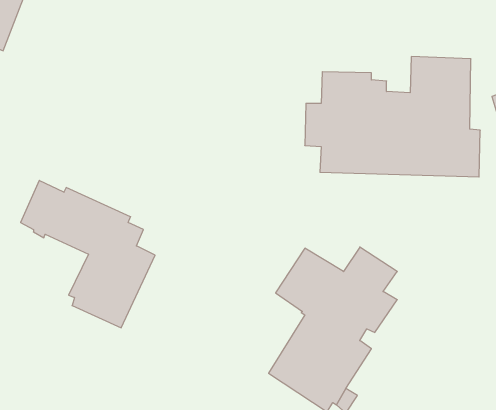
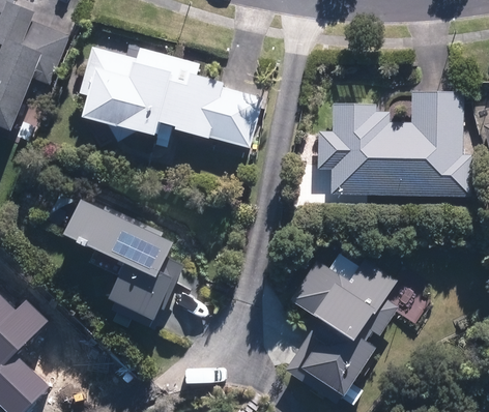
building: none -> [78,48,262,148]

